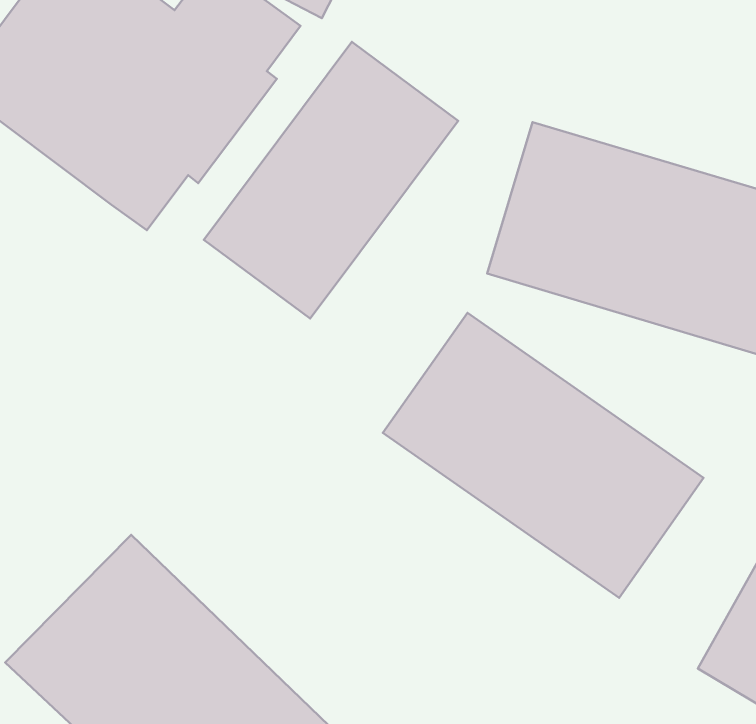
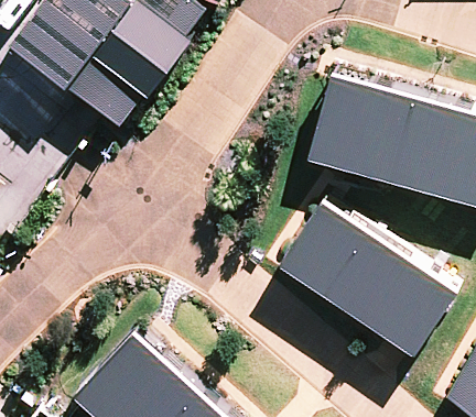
building: [204,42,458,319] -> none

